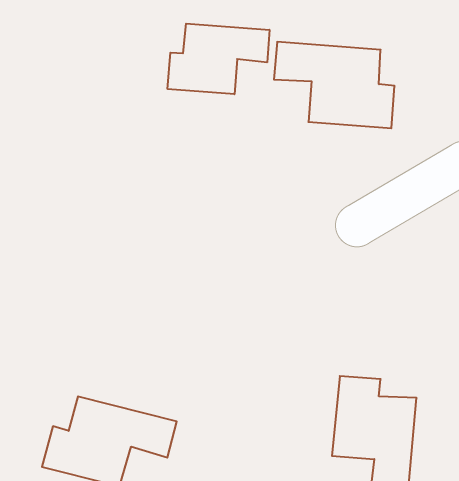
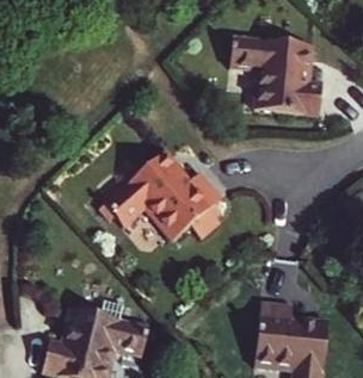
building: [168,24,269,94] -> none
building: none -> [110,163,217,240]

